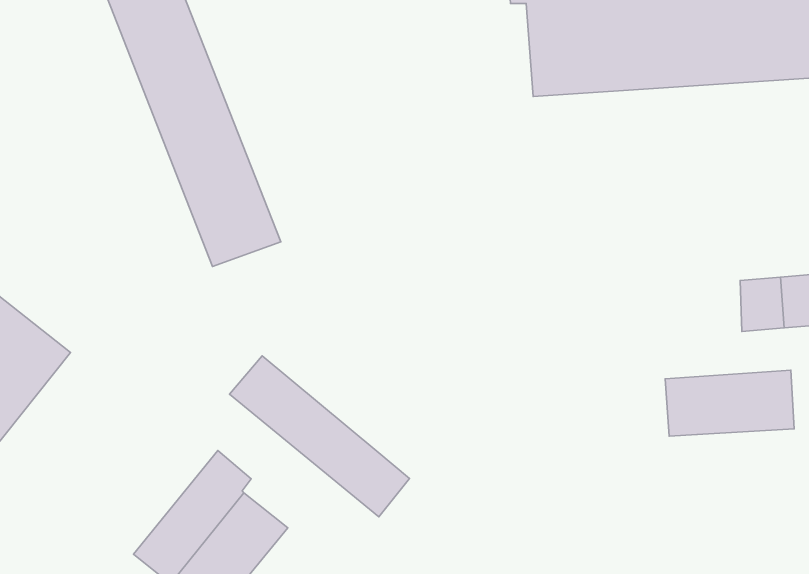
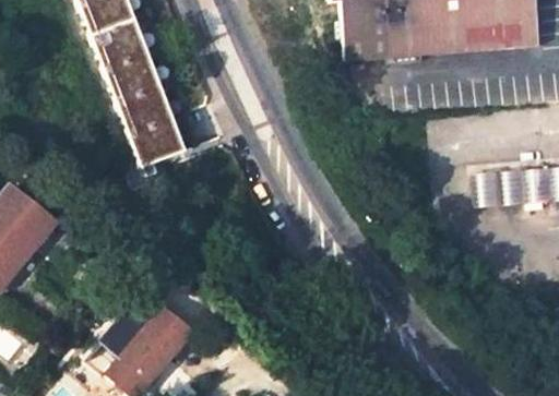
building: [229,356,410,517] -> none
building: [665,370,794,436] -> none

